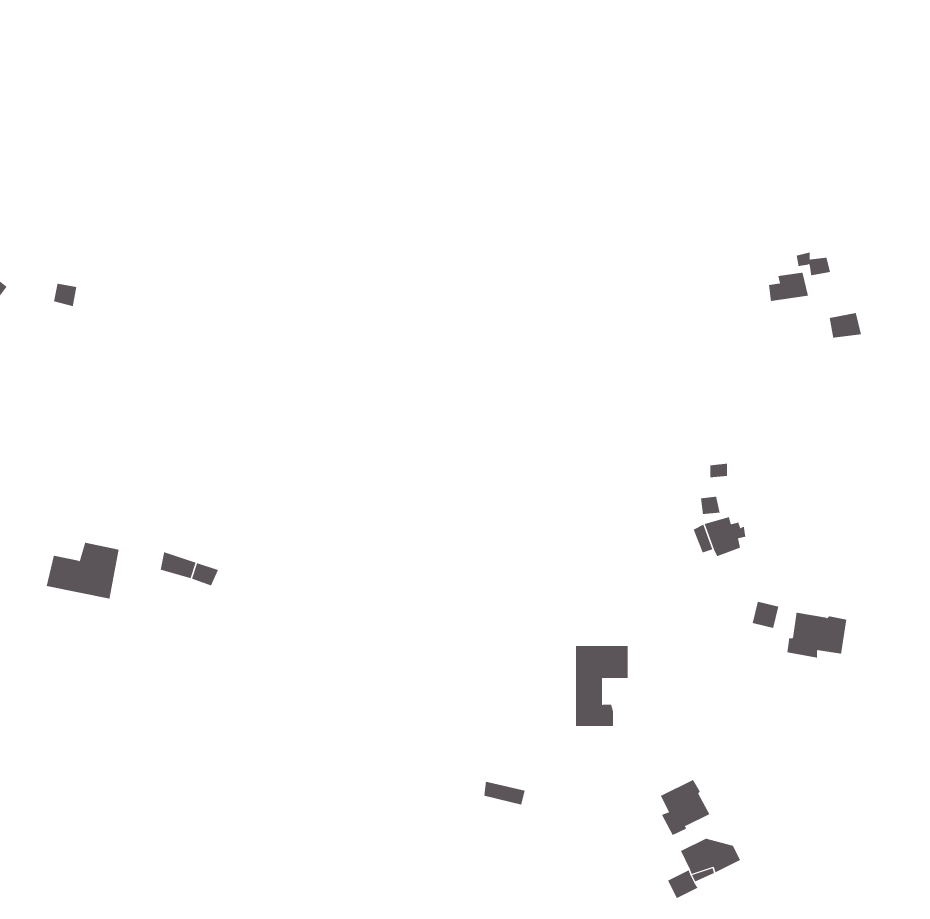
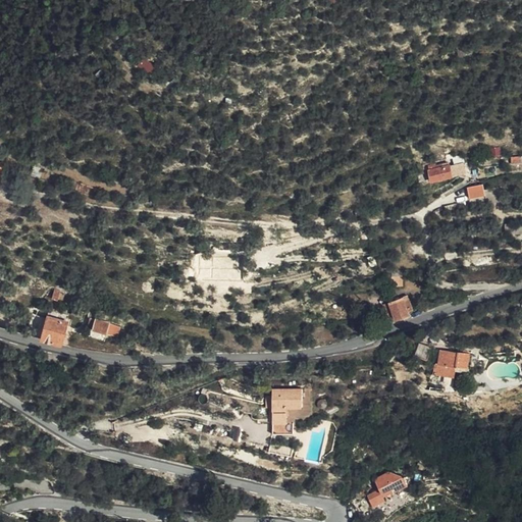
building: [575,645,628,726] -> [271,390,301,435]
building: [660,779,710,836] -> none

